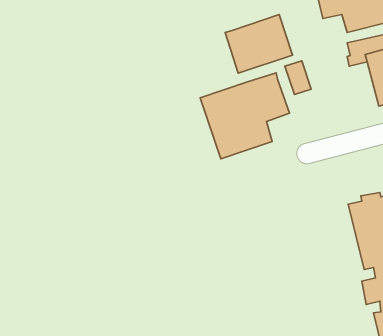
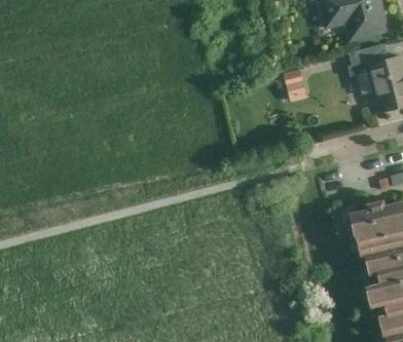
building: [225,15,292,73] -> none
building: [200,73,289,159] -> none

